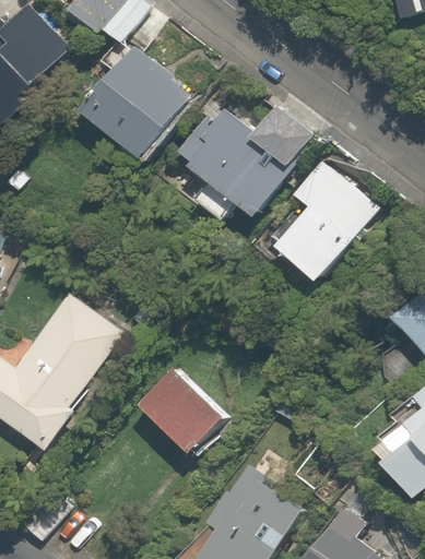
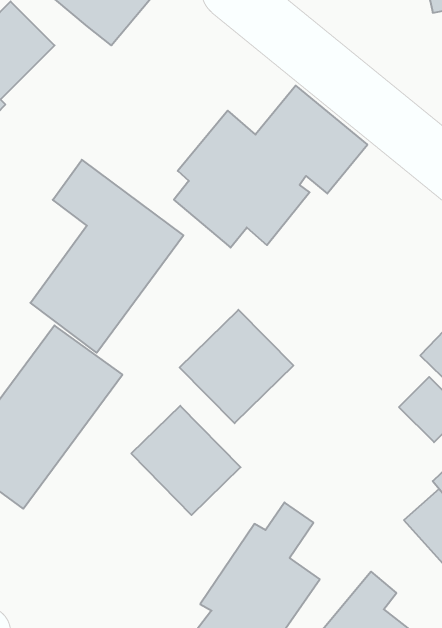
building: [79,45,193,159] -> none
building: none -> [30,160,183,353]
building: [273,165,383,283] -> none
building: none -> [180,310,293,423]

